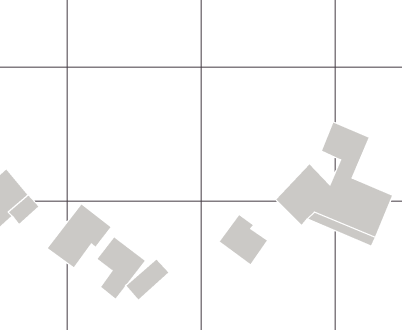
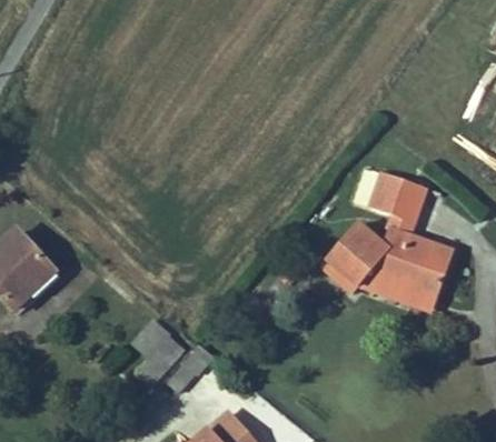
building: [47,203,112,268] -> none
building: [219,214,268,265] -> none

